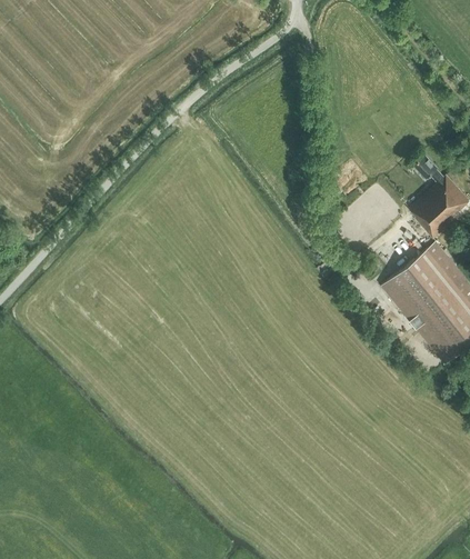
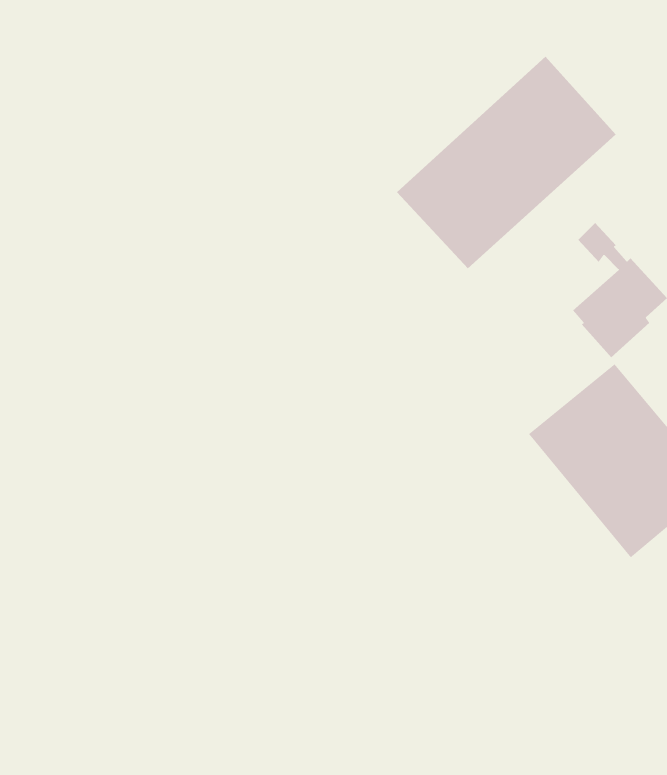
building: none -> [396,56,617,269]

